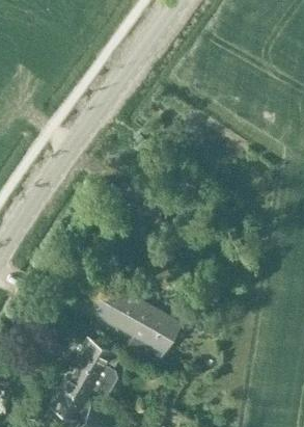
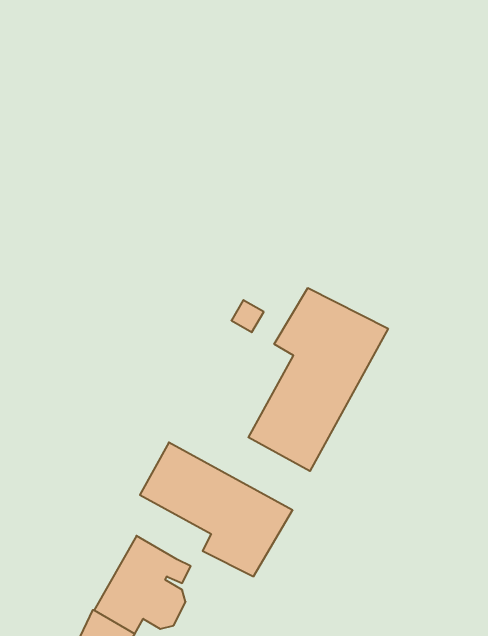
building: none -> [248,288,388,471]

